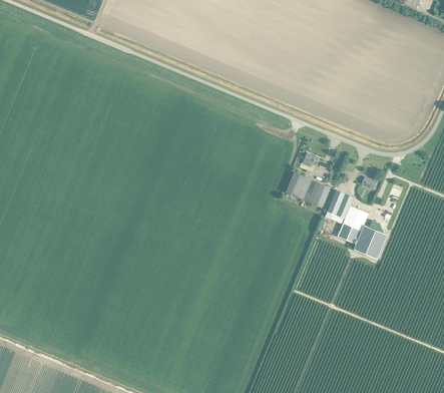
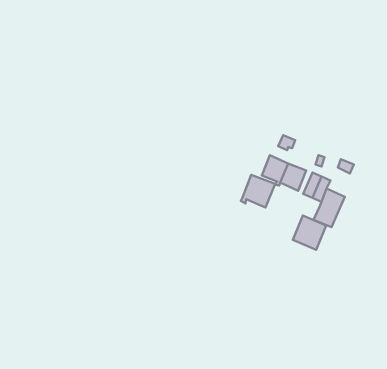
building: none -> [241,175,275,207]
building: [353,225,386,259] -> [293,215,326,250]

